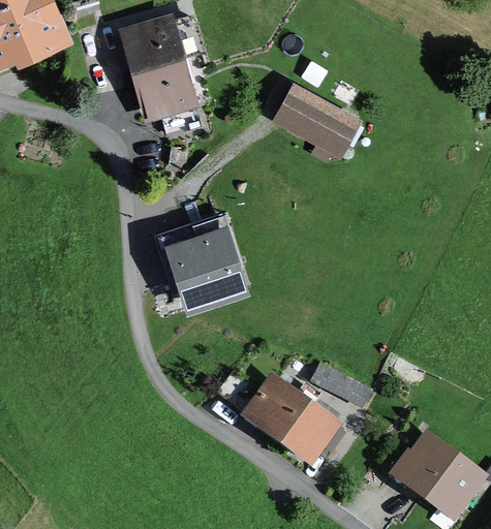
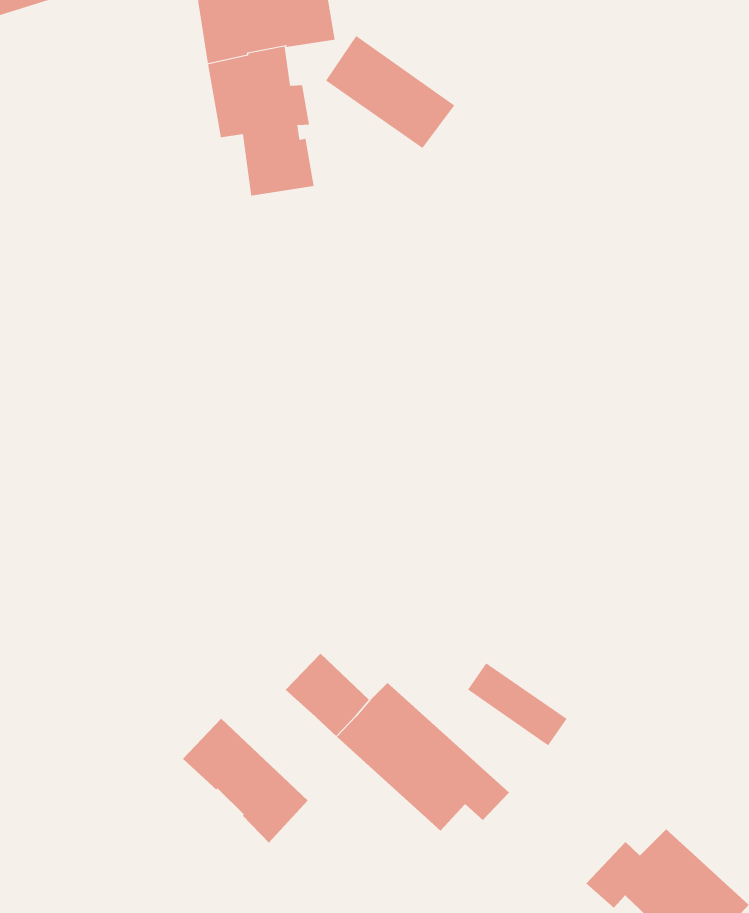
building: [281,91,351,147] -> [325,35,455,149]
building: [160,212,247,308] -> none
building: none -> [182,718,308,844]

